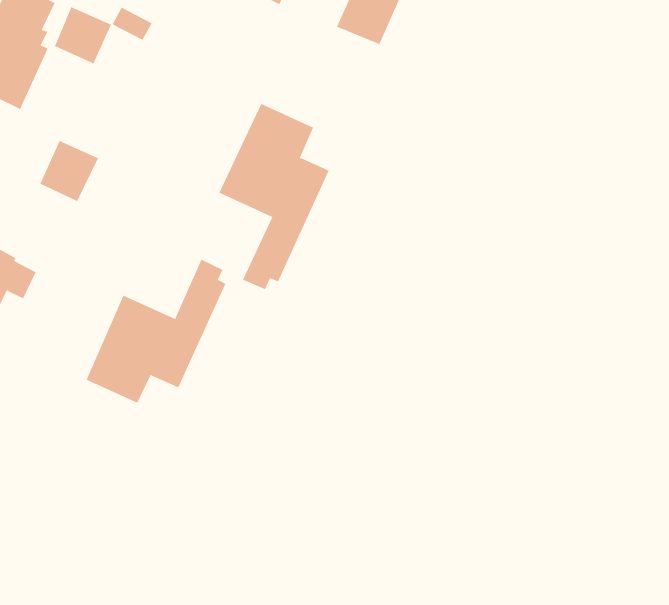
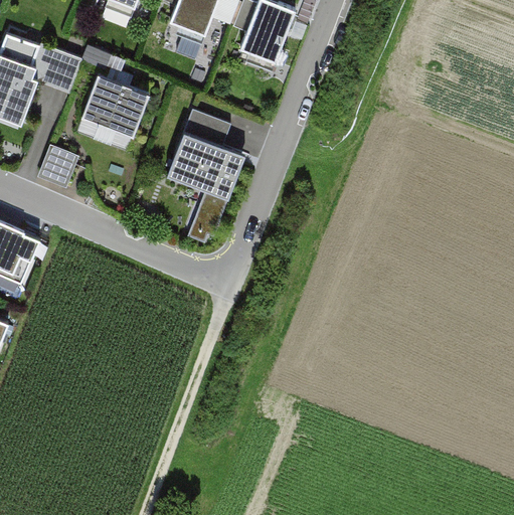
building: none -> [81,74,148,136]
building: [86,259,226,404] -> none

